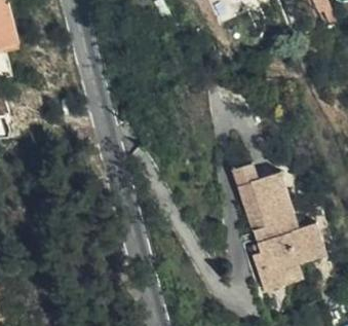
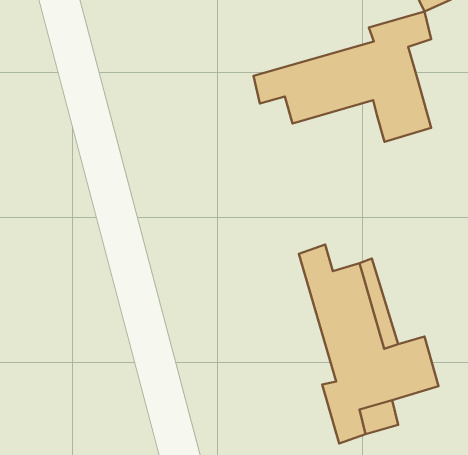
building: none -> [253,11,431,142]

